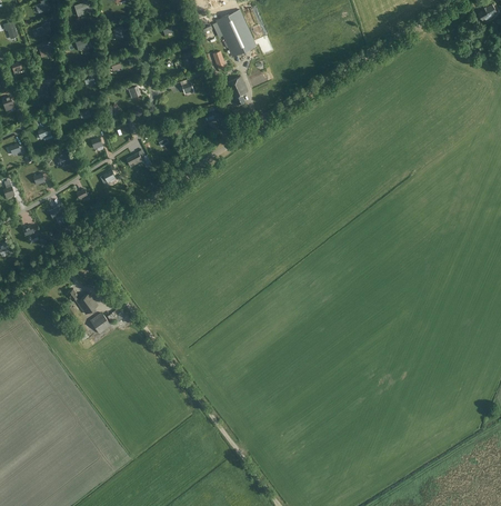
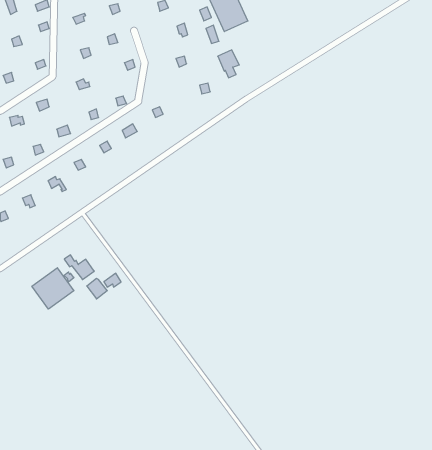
building: none -> [32,268,74,309]

